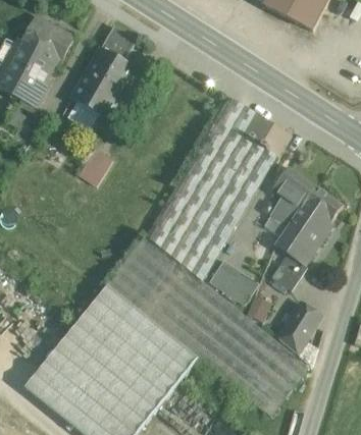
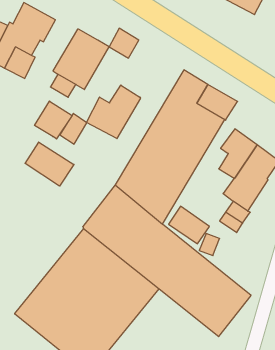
building: [101,24,137,60] -> [109,28,139,58]
building: none -> [87,85,140,139]
building: none -> [35,101,72,139]
building: none -> [25,142,74,186]
building: [277,303,320,352] -> none

